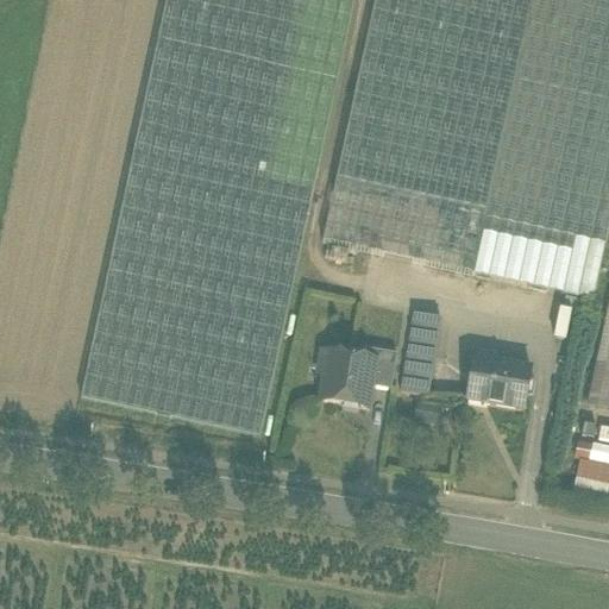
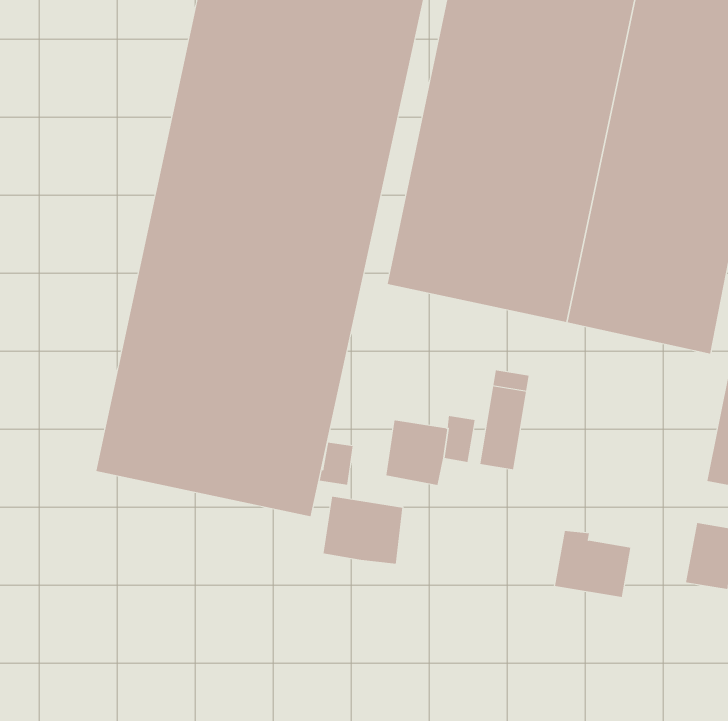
building: [467,351,532,407] -> [554,530,631,597]
building: none -> [319,442,353,486]
building: none -> [323,496,403,564]

